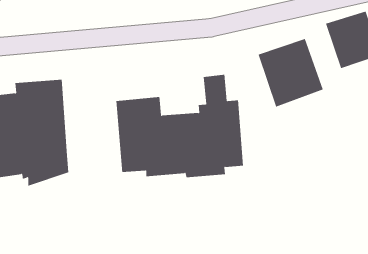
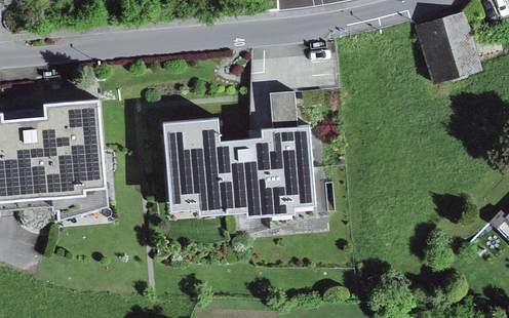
building: [258,38,323,107] -> none

